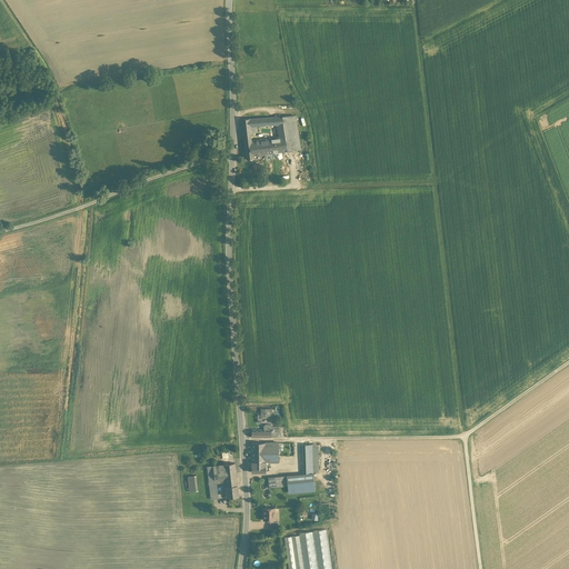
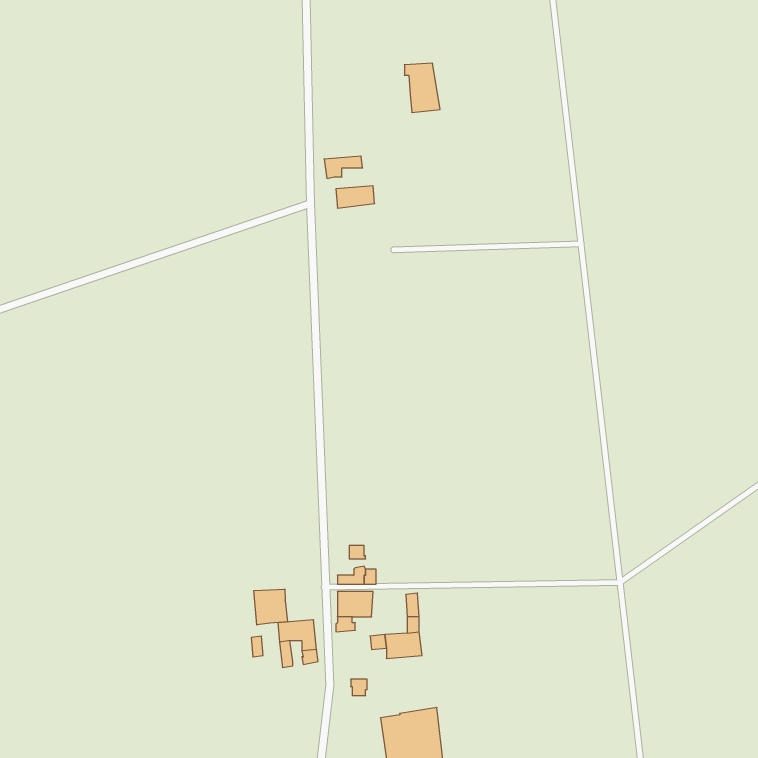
building: [276,117,302,153] -> [404,63,440,112]
building: none -> [254,589,287,625]

